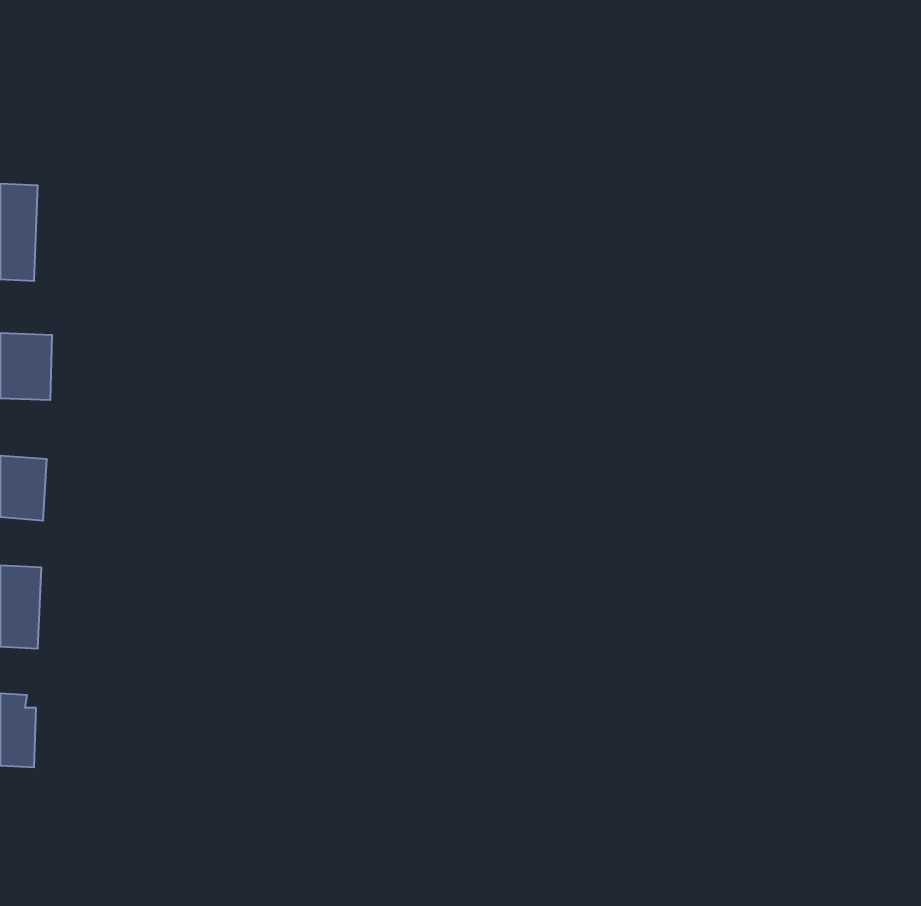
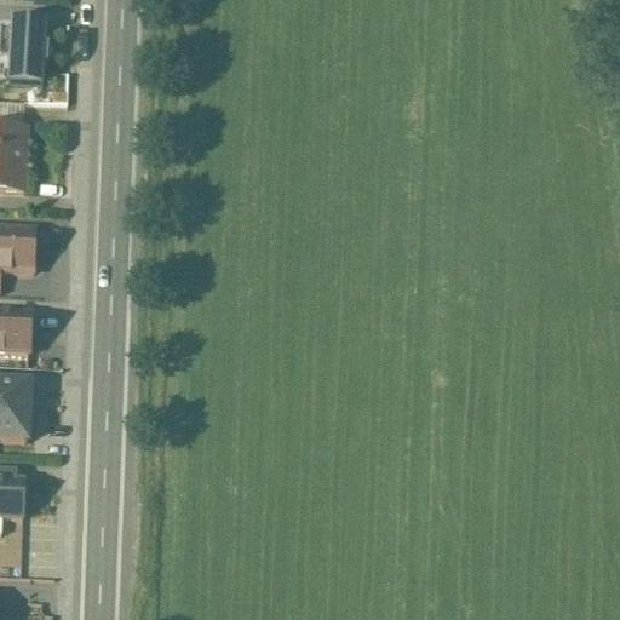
building: none -> [7,16,45,81]

